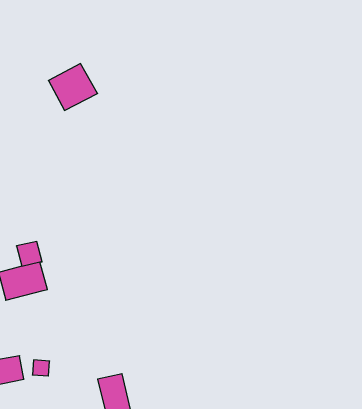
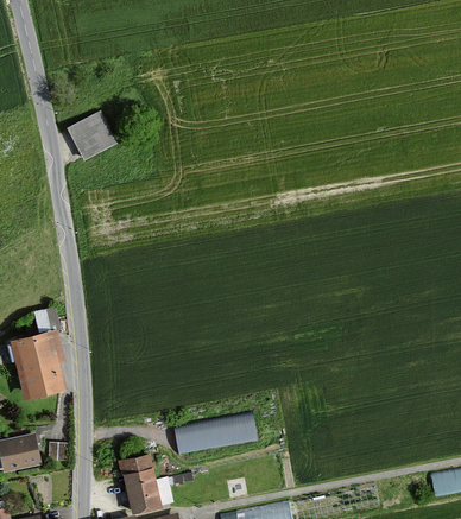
building: none -> [18,363,67,401]
building: none -> [176,410,260,447]

